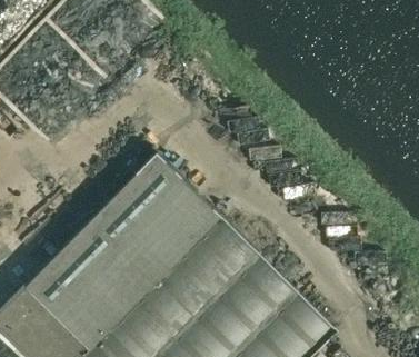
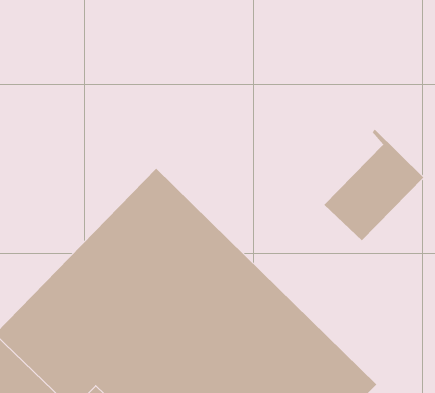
building: none -> [323,129,424,241]

